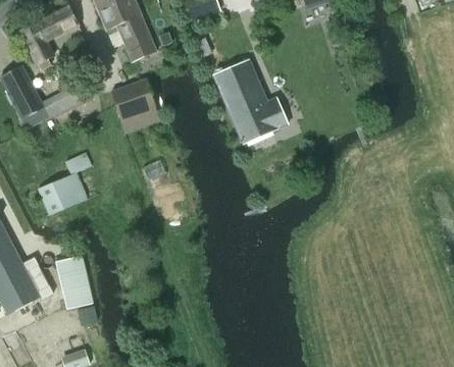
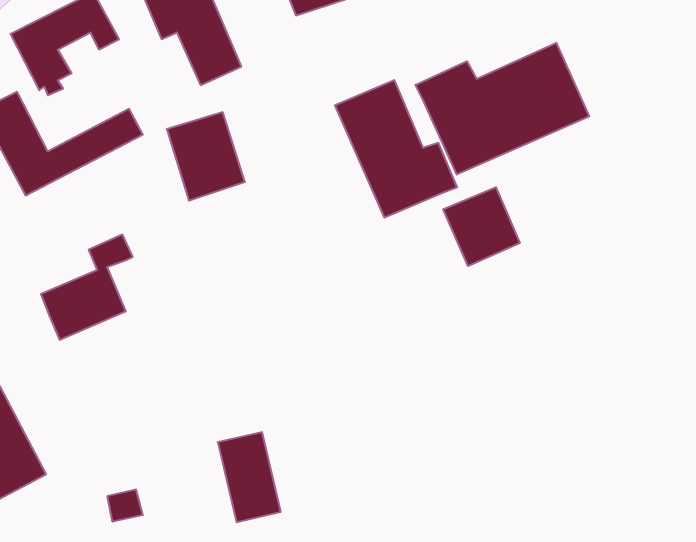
building: none -> [415,43,589,175]
building: none -> [443,187,520,266]
building: [55,254,93,308] -> [218,432,281,522]

